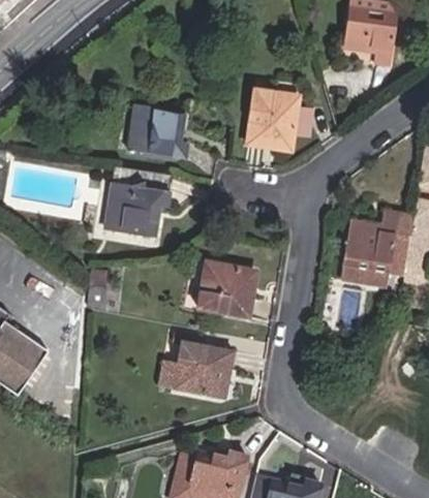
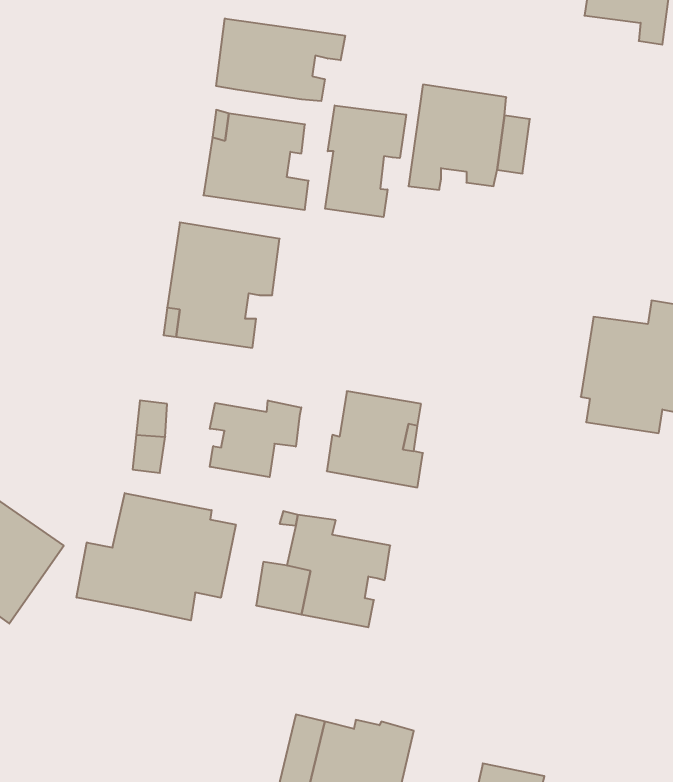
building: none -> [216,18,345,101]
building: none -> [325,105,406,217]
building: none -> [210,400,301,477]
building: none -> [77,493,236,620]

